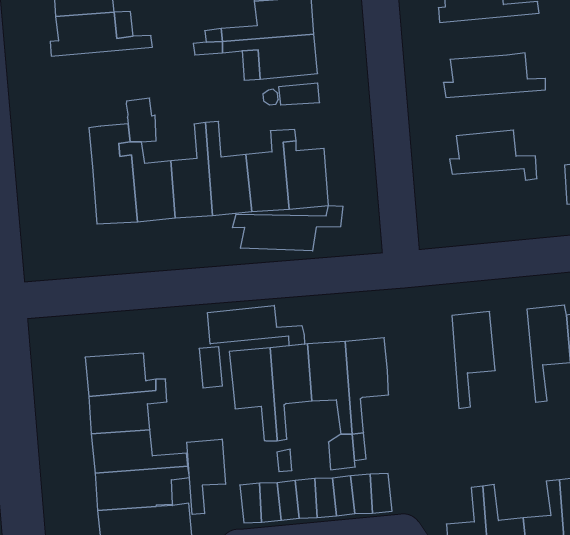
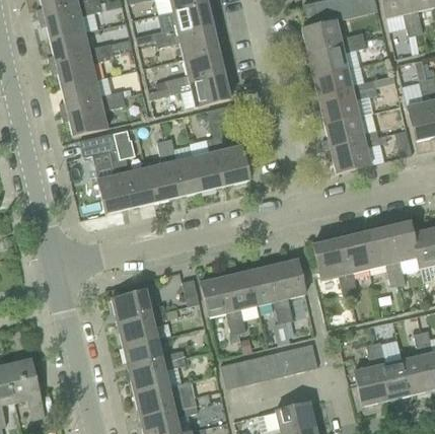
building: none -> [302,39,366,76]
building: none -> [61,96,125,135]
building: none -> [313,86,377,124]
building: none -> [79,132,116,155]
building: none -> [324,138,371,171]
building: [233,205,343,251] -> none
building: [208,305,305,346] -> none
building: none -> [361,226,398,286]
building: none -> [313,237,351,297]
building: [187,439,226,514] -> none

